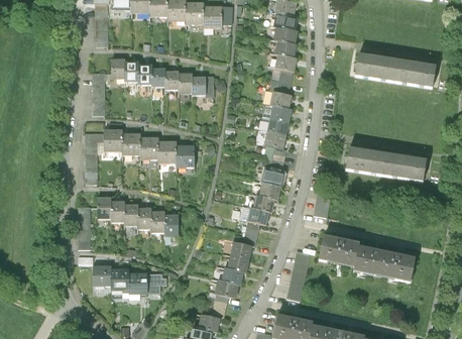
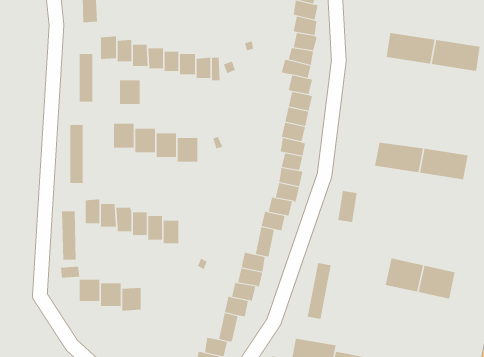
building: [104,128,122,149] -> [119,80,140,105]
building: [319,236,360,266] -> none

